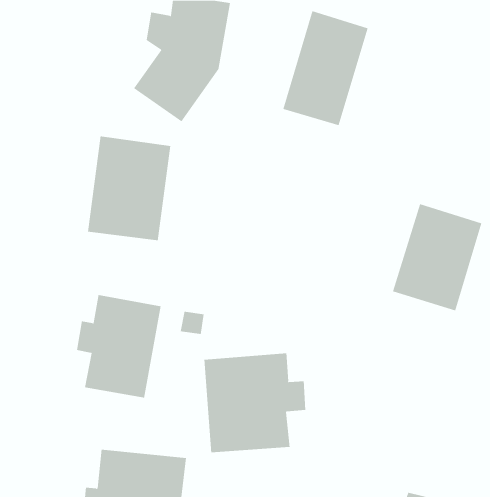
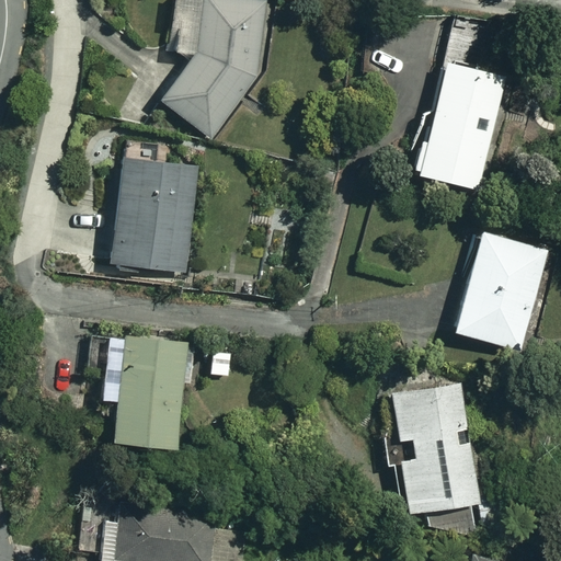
building: [282,10,368,126] -> [412,60,508,190]
building: none -> [383,385,477,508]
building: [204,353,306,453] -> none

